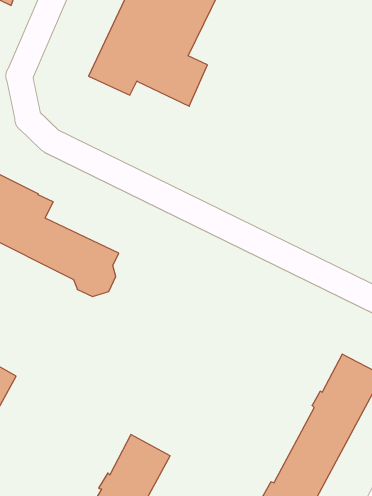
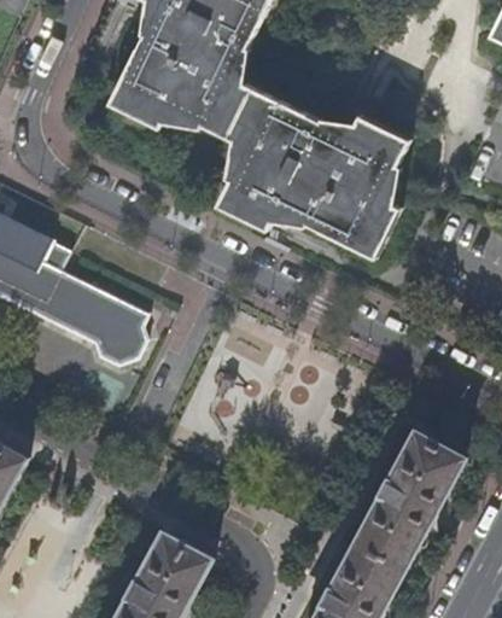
building: none -> [218,88,407,258]

